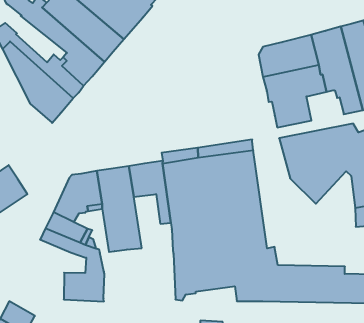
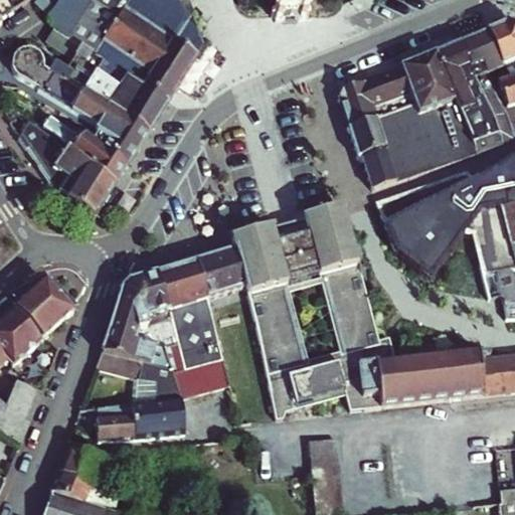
building: none -> [403,131,453,172]
building: none -> [172,358,229,396]
building: none -> [97,398,135,437]

